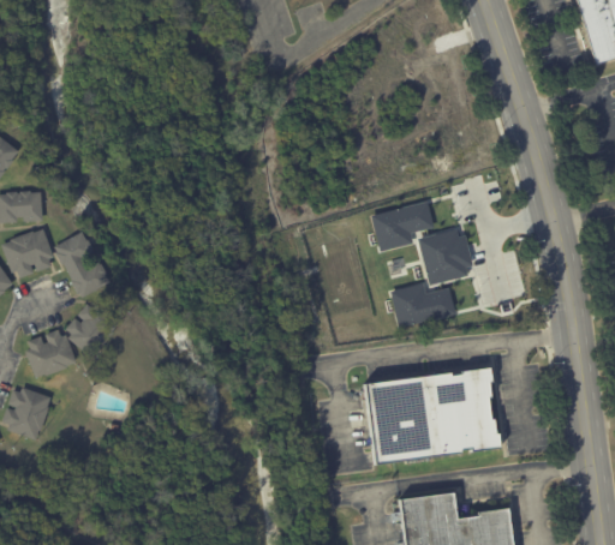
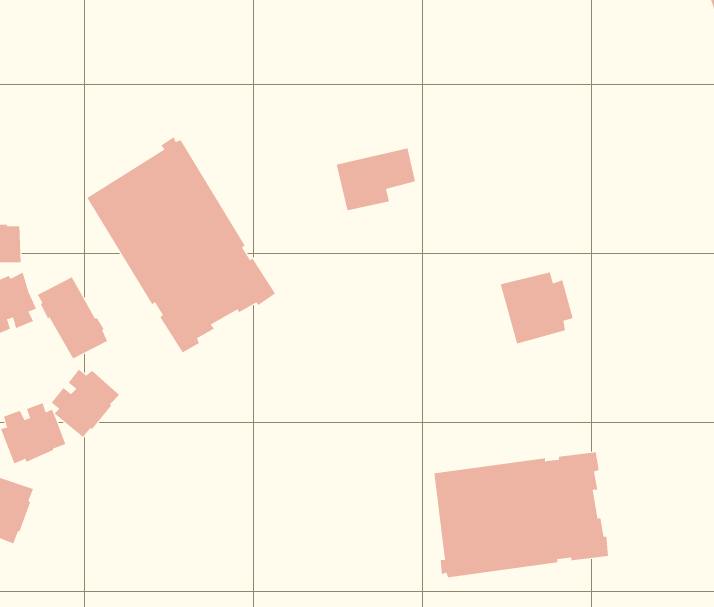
building: none -> [87,136,276,353]
building: [371,199,434,248] -> [336,148,416,211]
building: [390,281,455,325] -> none

